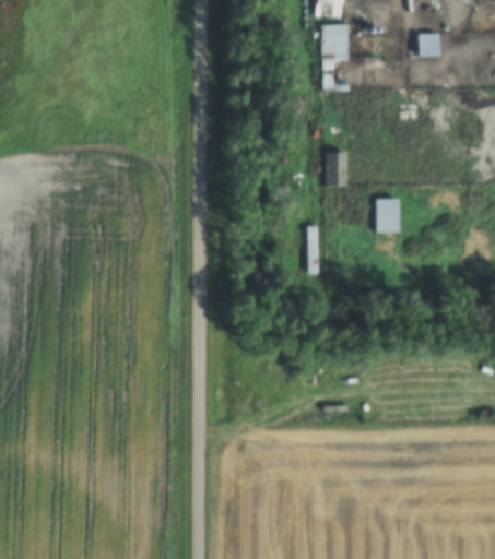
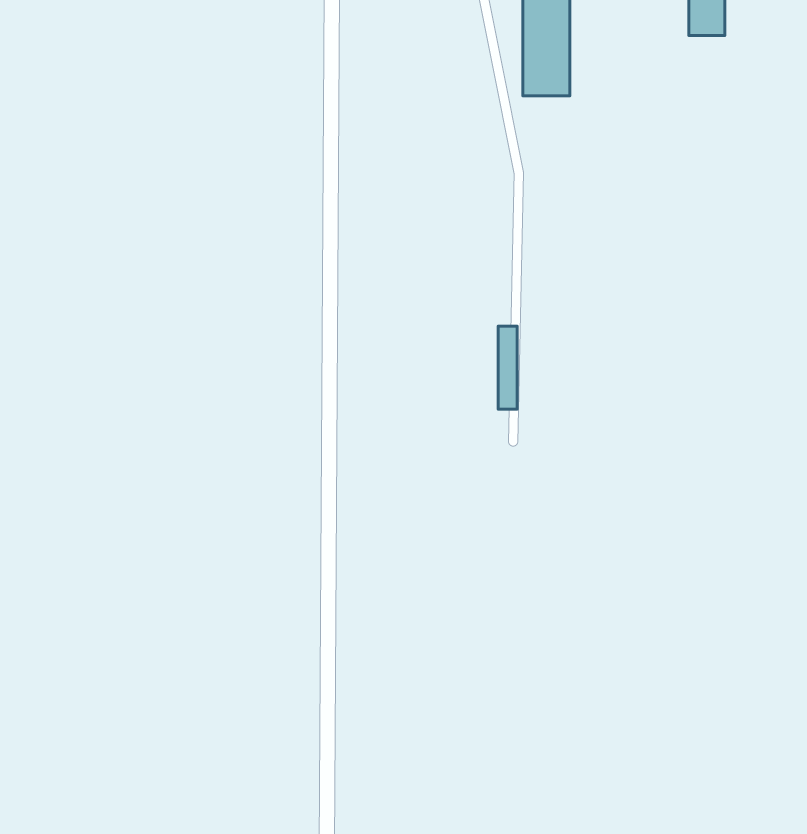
building: [325,152,345,185] -> none
building: [375,198,398,231] -> none

